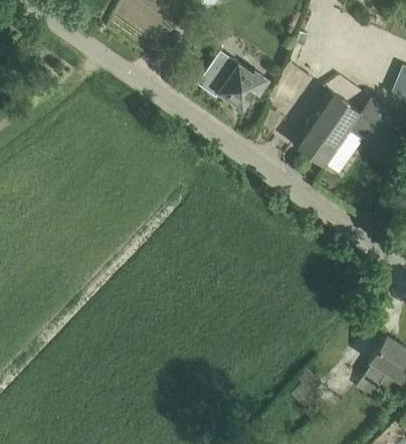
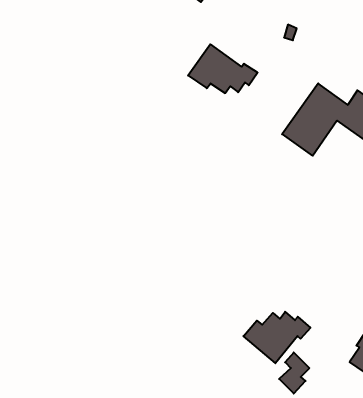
building: none -> [243,312,310,363]

